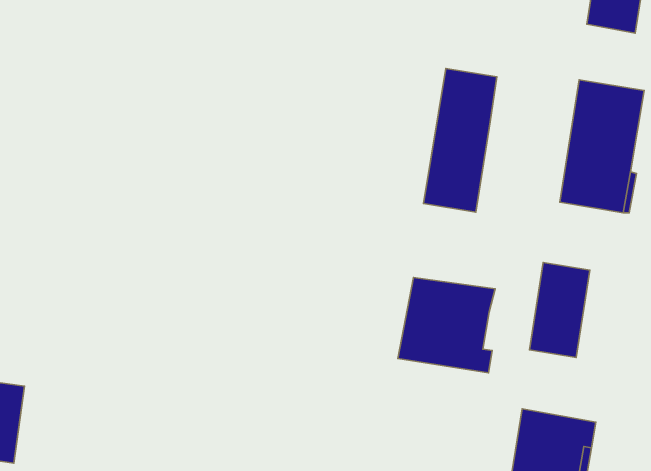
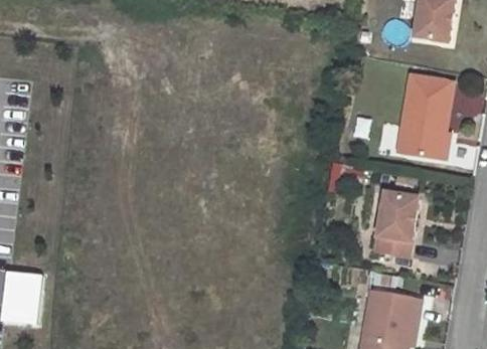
building: [424,69,497,212] -> none
building: [398,277,495,373] -> none

